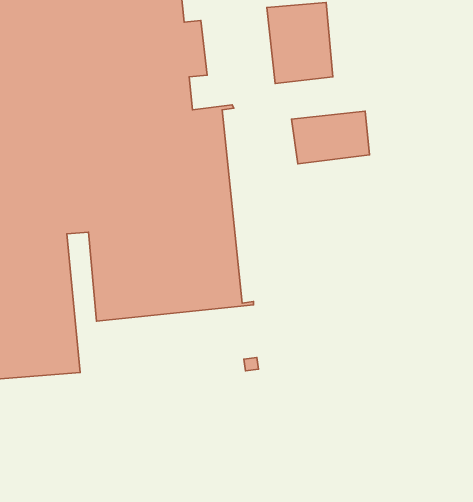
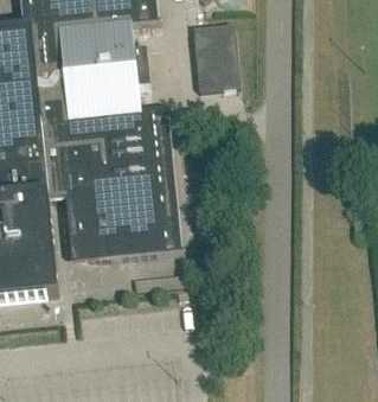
building: [292,111,370,164] -> none

